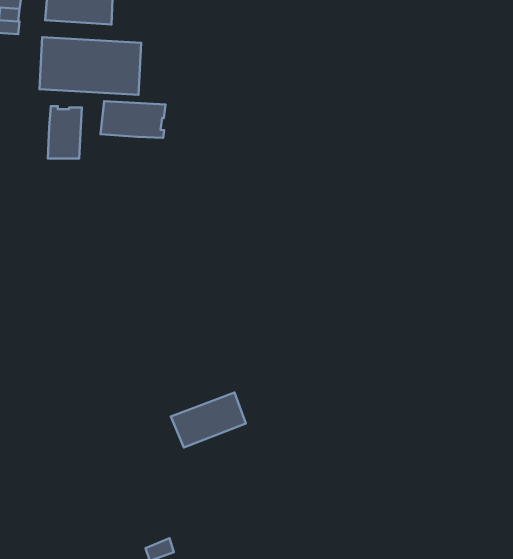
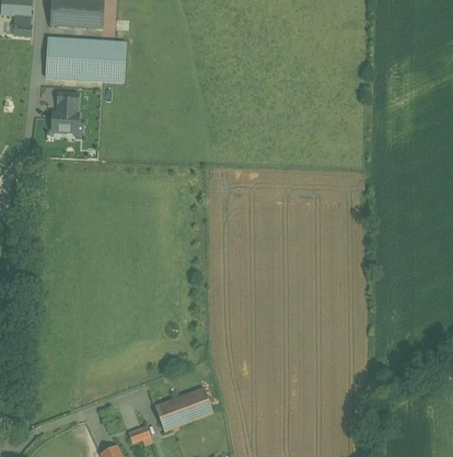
building: [100,101,165,138] -> none
building: [171,392,246,447] -> [154,388,212,431]

